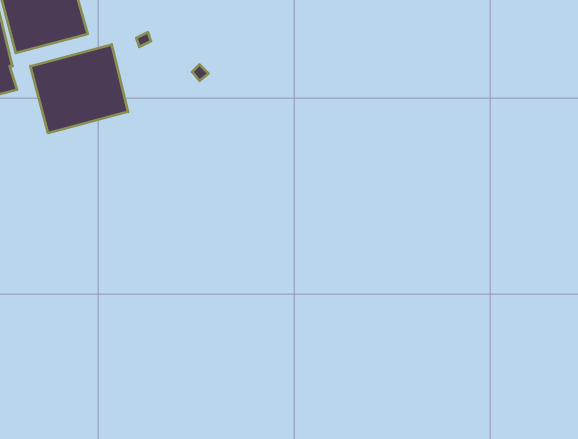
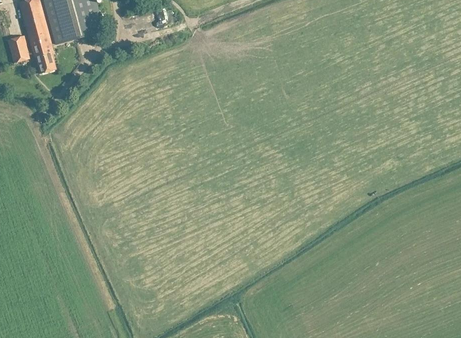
building: [30,44,128,133] -> none

